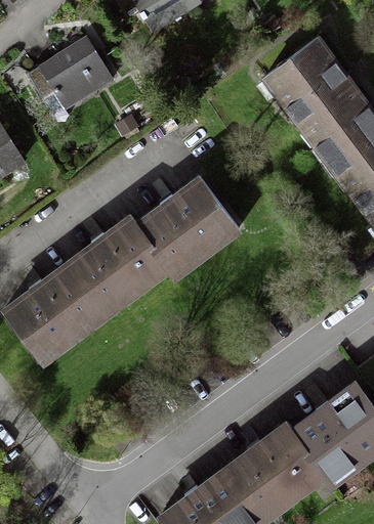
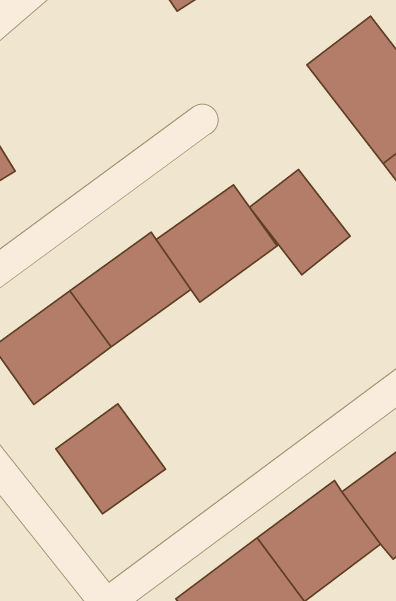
building: [39,40,109,114] -> none
building: none -> [249,170,350,275]
building: none -> [56,404,166,514]

